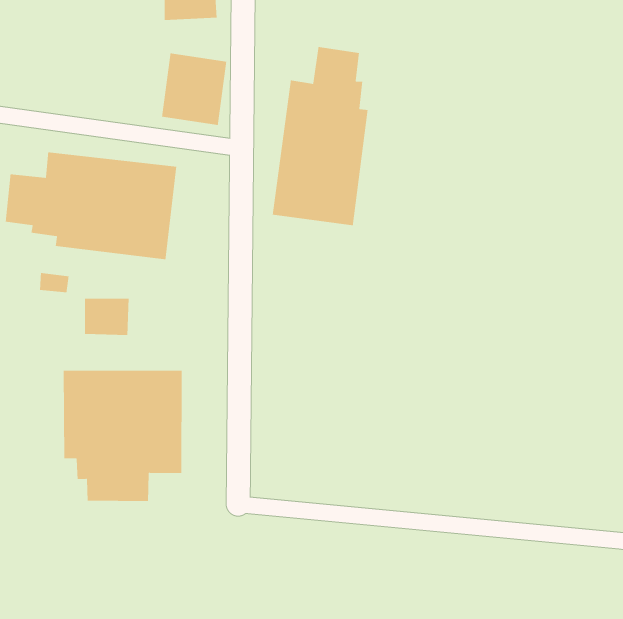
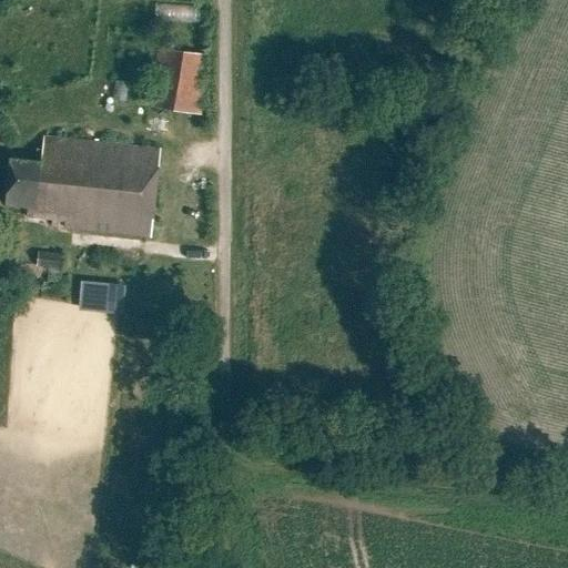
building: [272,46,369,226] -> none
building: [63,370,183,502] -> none

